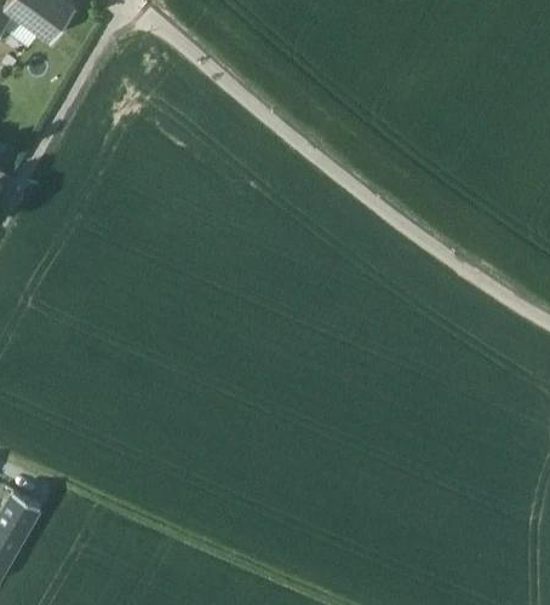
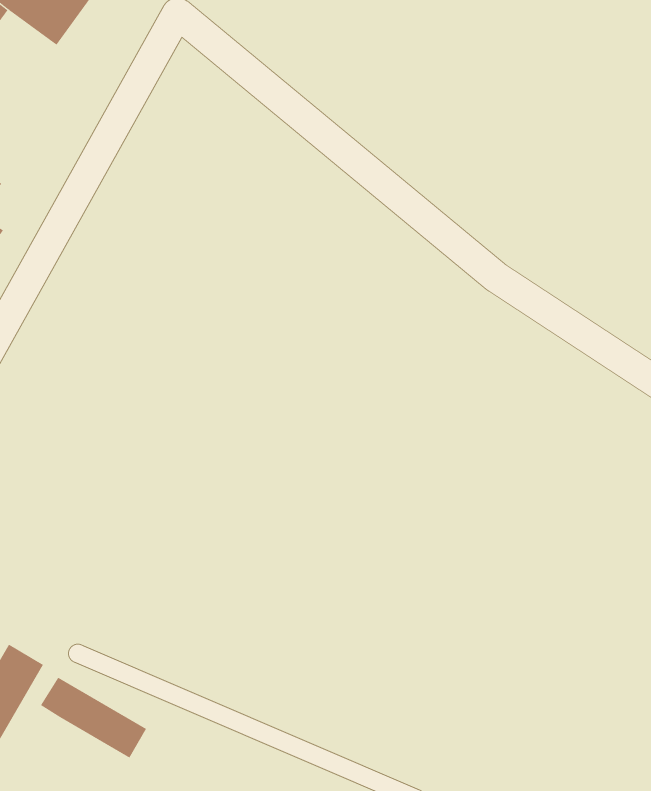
building: none -> [40,677,147,758]

